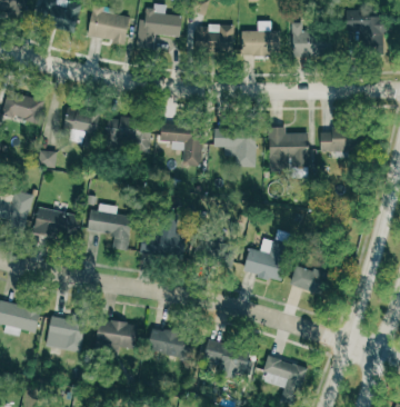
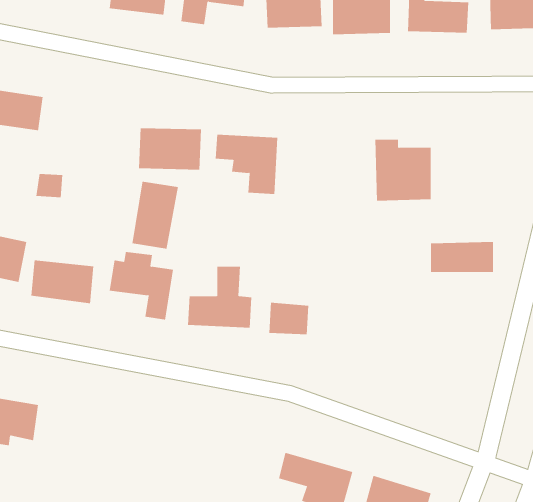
building: [64,108,100,135] -> none
building: [214,129,257,167] -> none
building: [320,130,363,151] -> [430,242,494,273]
building: none -> [132,181,178,249]
building: [243,237,289,281] -> none
building: [290,265,331,296] -> none
building: [46,316,86,353] -> none
building: [94,319,144,351] -> none
building: [148,328,192,358] -> none

